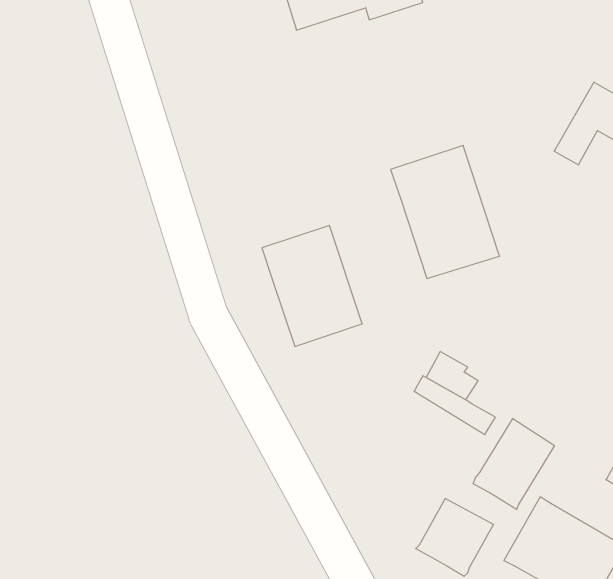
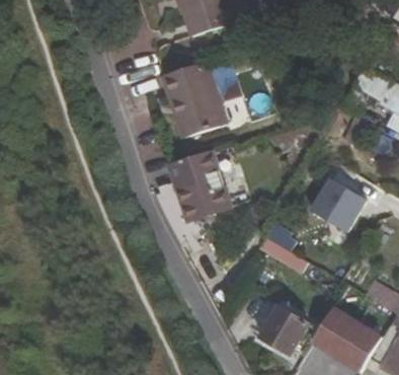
building: [391,145,500,279] -> [162,61,226,139]
building: none -> [312,178,368,232]
building: [473,418,554,510] -> none

